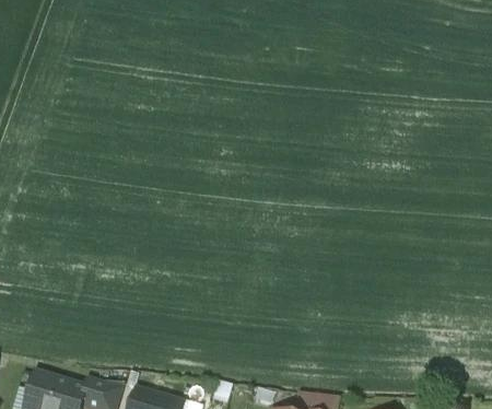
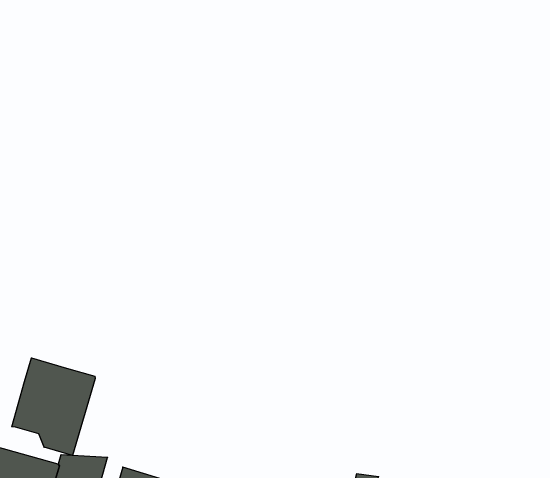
building: none -> [12,358,95,455]

